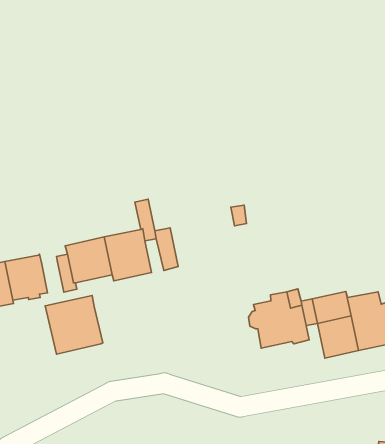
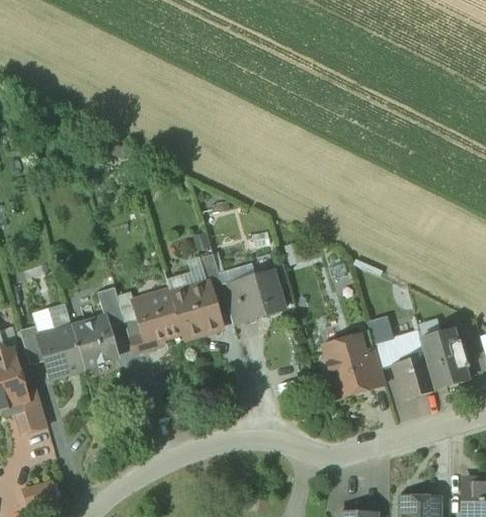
building: none -> [237,268,285,318]
building: none -> [98,286,126,326]
building: [45,296,103,354] -> none

